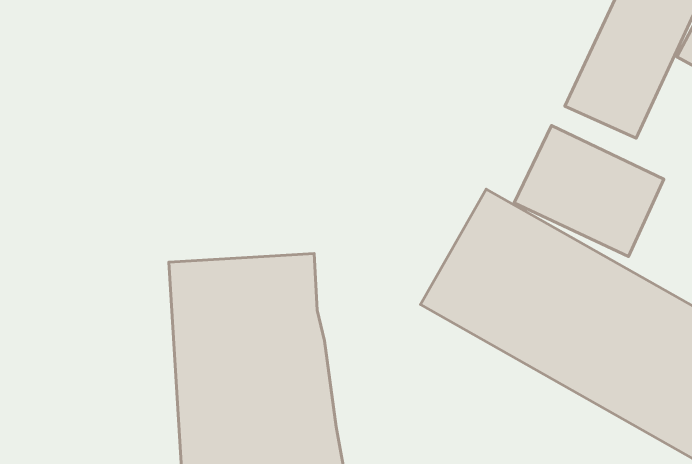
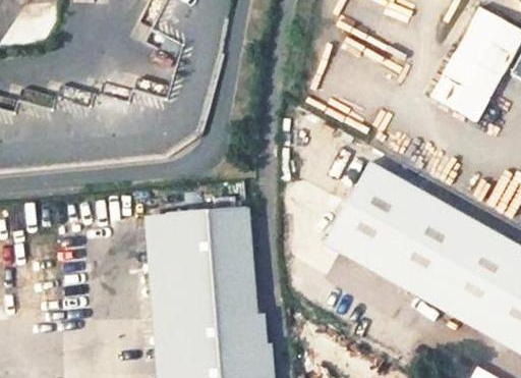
building: [514,126,664,256] -> none

